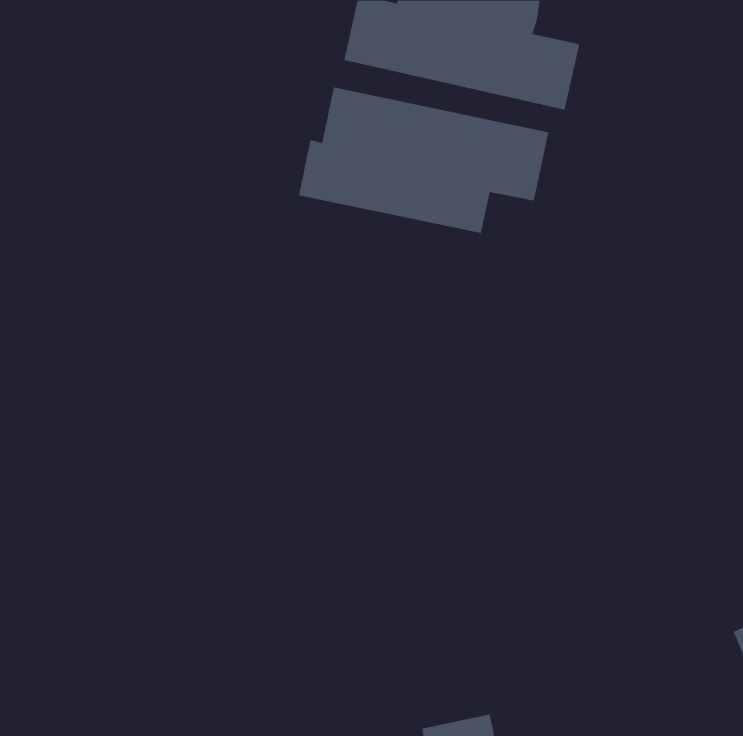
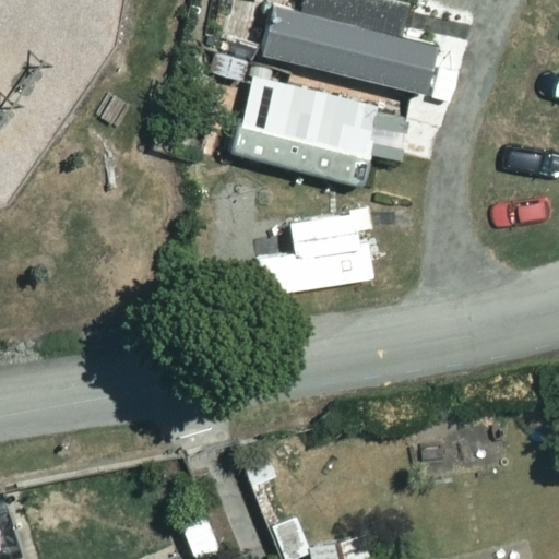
building: none -> [259,210,376,296]

